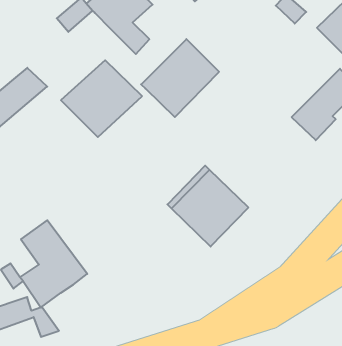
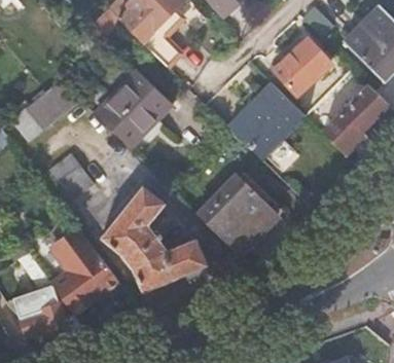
building: none -> [273,37,329,94]
building: [141,39,219,117] -> [226,81,302,157]
building: none -> [51,154,95,199]
building: none -> [102,184,206,291]

